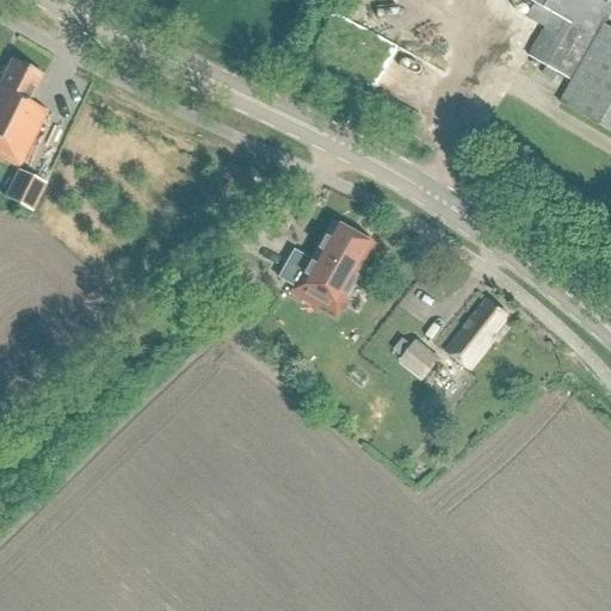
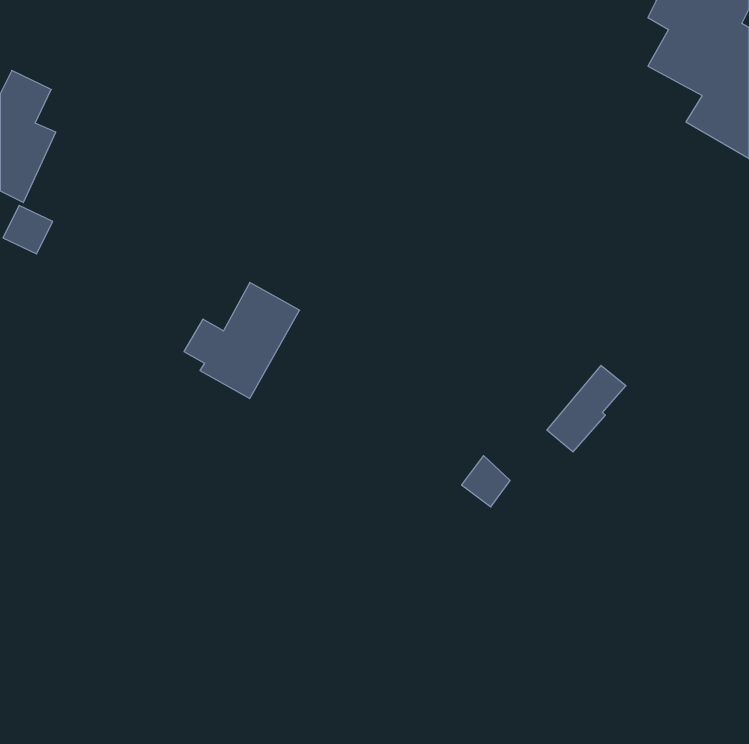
building: [277,220,371,314] -> [184,282,300,398]
building: [399,335,438,377] -> [462,456,510,507]

